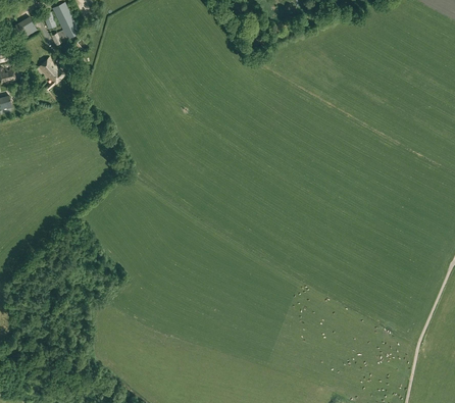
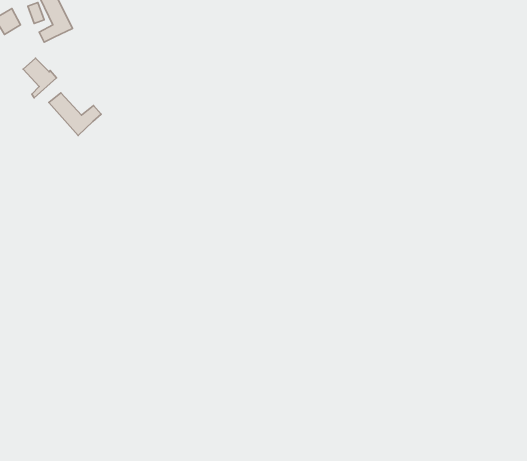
building: none -> [49,93,101,135]

